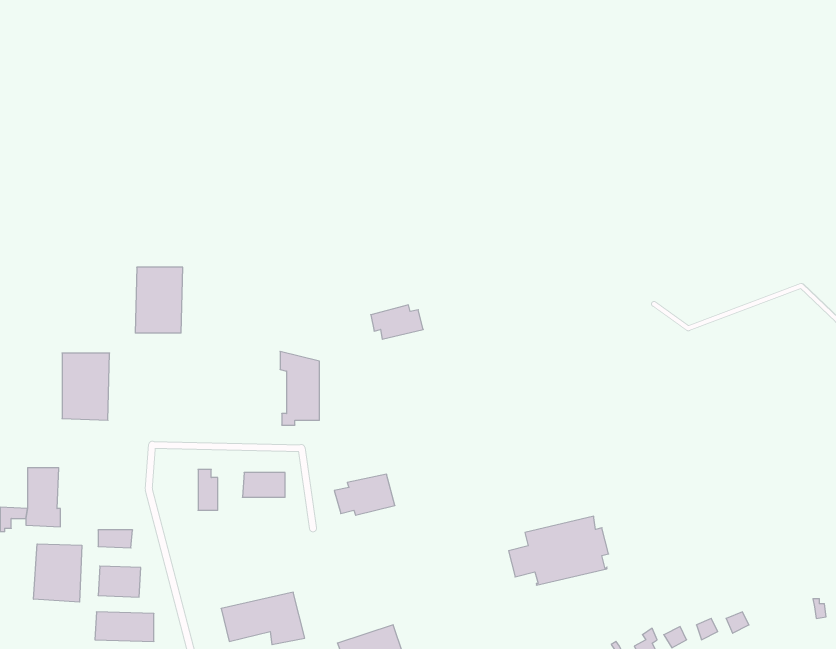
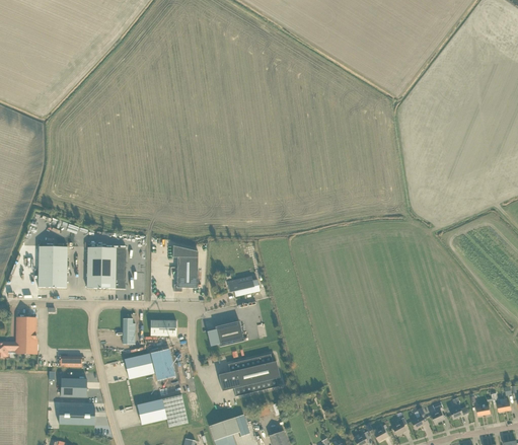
building: [135,267,183,333] -> [87,246,117,287]
building: [371,305,423,339] -> [228,275,261,296]
building: [509,516,609,585] -> [218,353,280,395]
building: none -> [125,348,175,380]
building: [34,544,82,602] -> none

